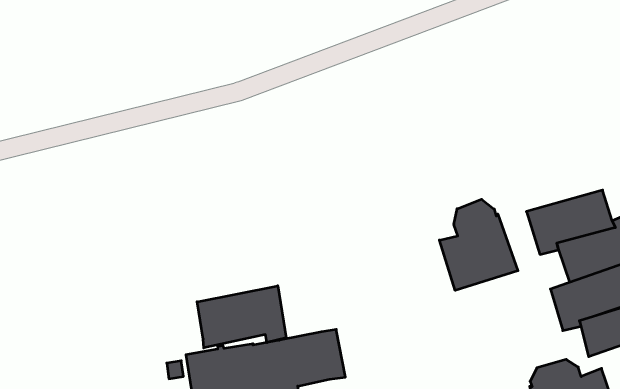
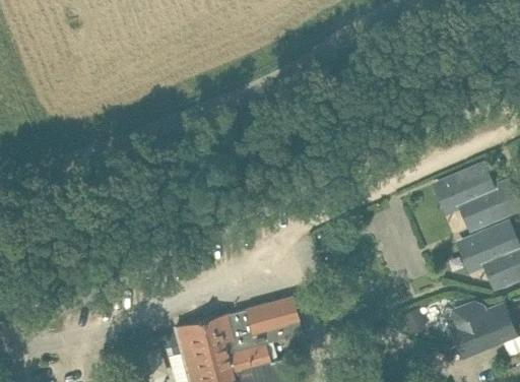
building: [439,199,518,290] -> none
building: [197,286,286,348] -> none

